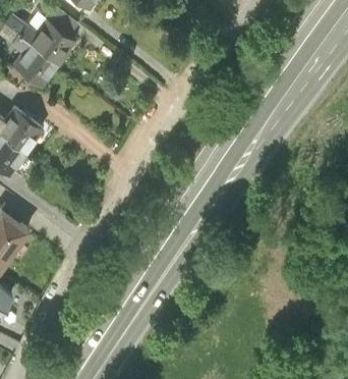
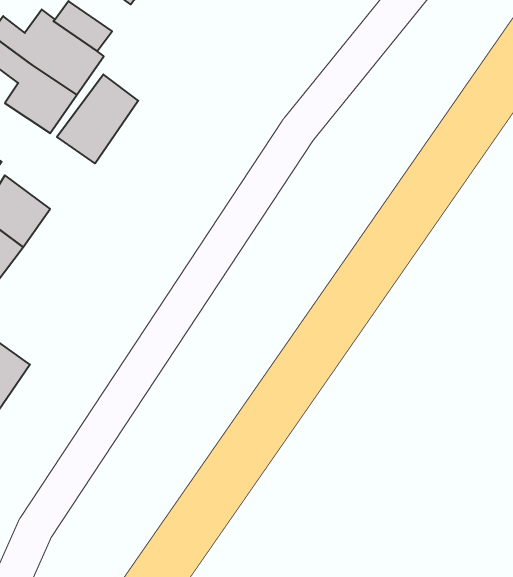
building: none -> [57,74,138,163]

